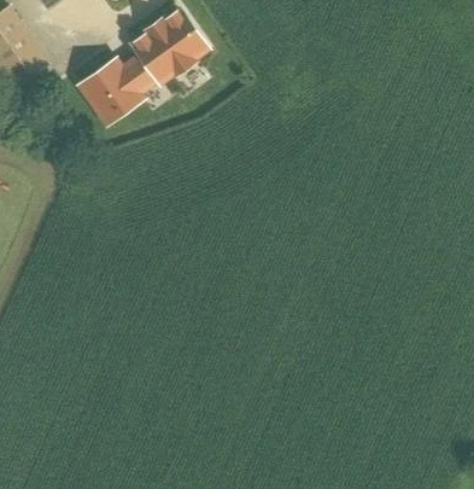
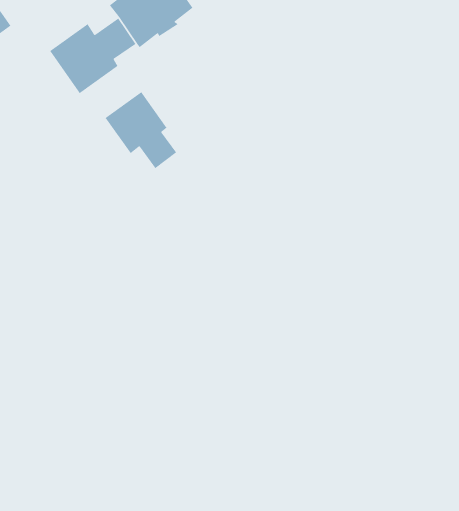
building: none -> [105,91,177,169]

